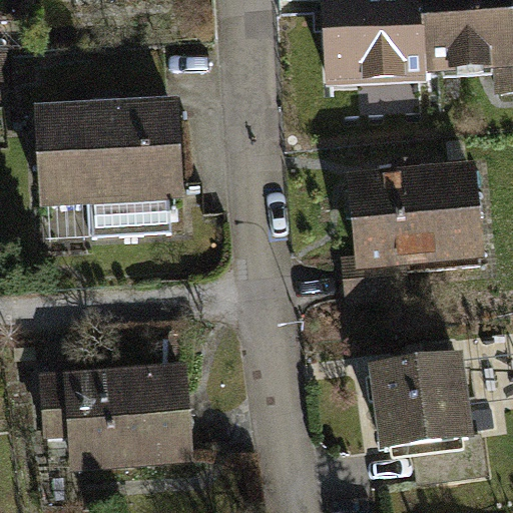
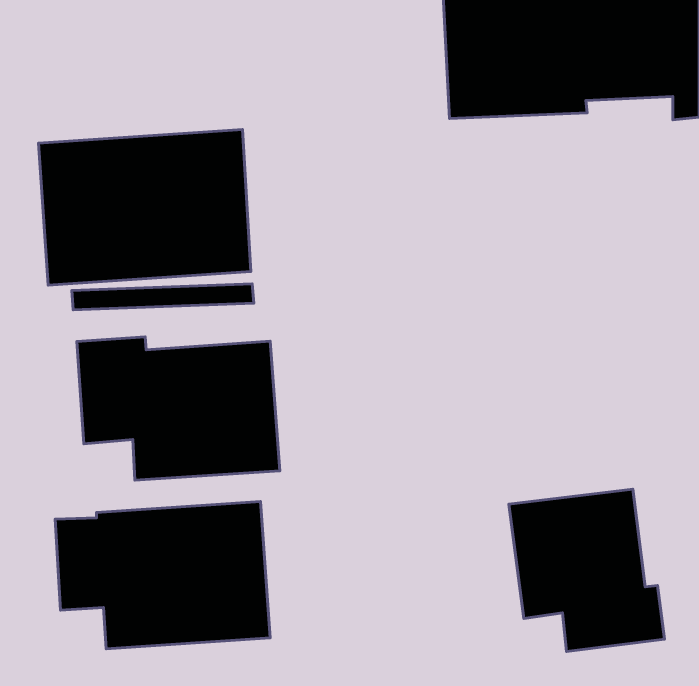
building: [343,158,484,296] -> none
building: none -> [77,337,280,480]

